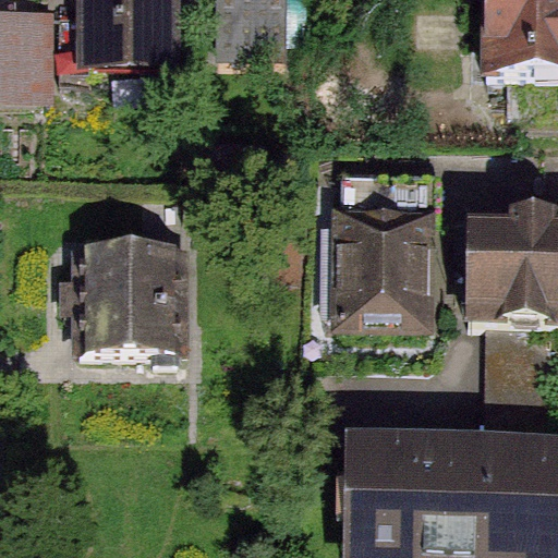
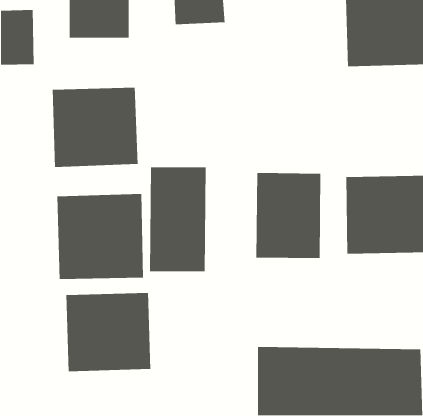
building: none -> [52,87,138,168]
building: none -> [149,166,207,272]
building: none -> [66,292,151,372]

